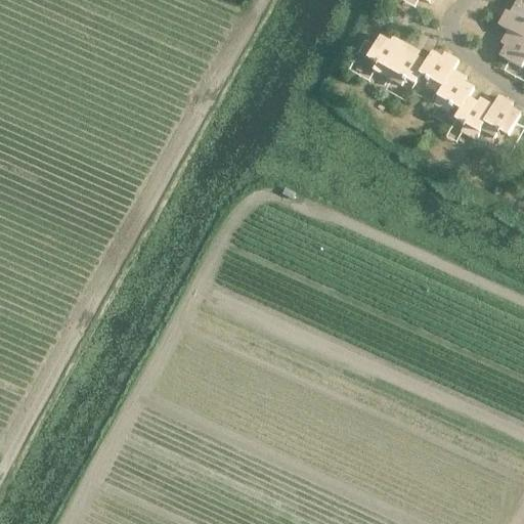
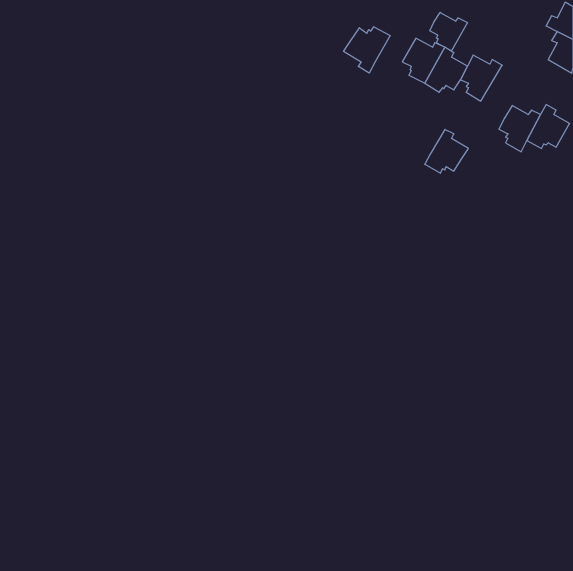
building: none -> [430,12,467,51]
building: none -> [344,27,390,73]
building: [433,70,473,110] -> [425,129,468,173]

